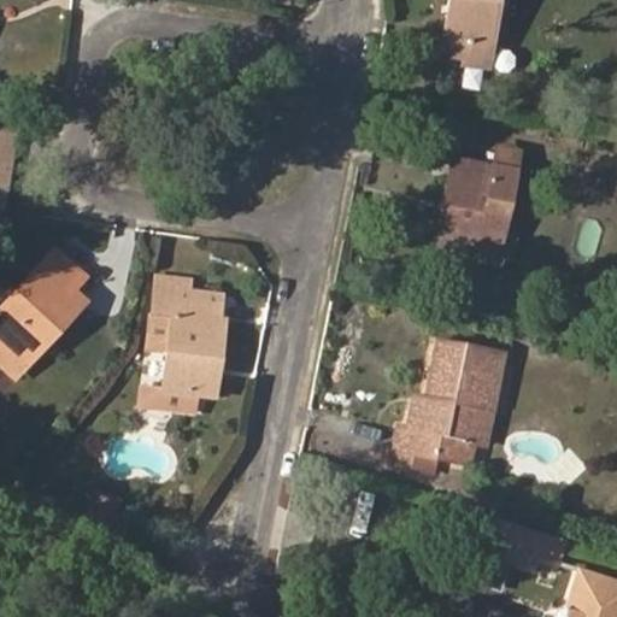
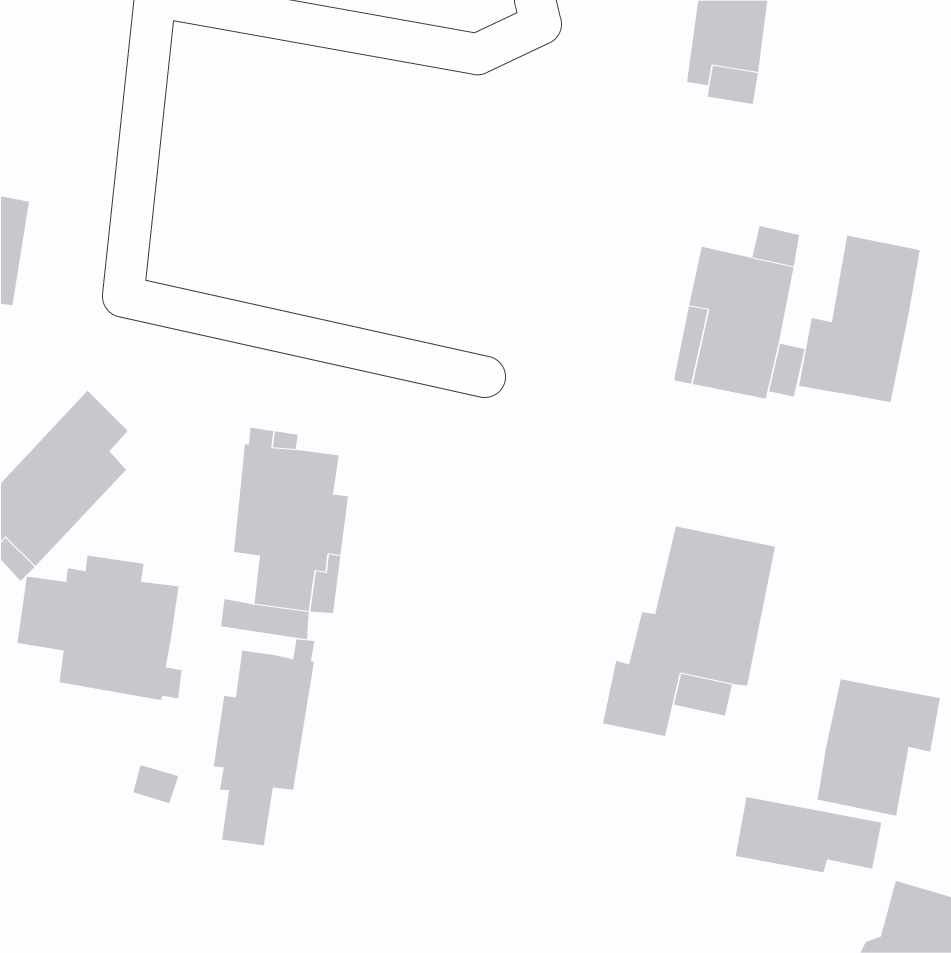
building: none -> [799,235,920,403]
building: none -> [17,555,182,701]
building: none -> [213,638,315,846]
building: none -> [817,679,941,816]

